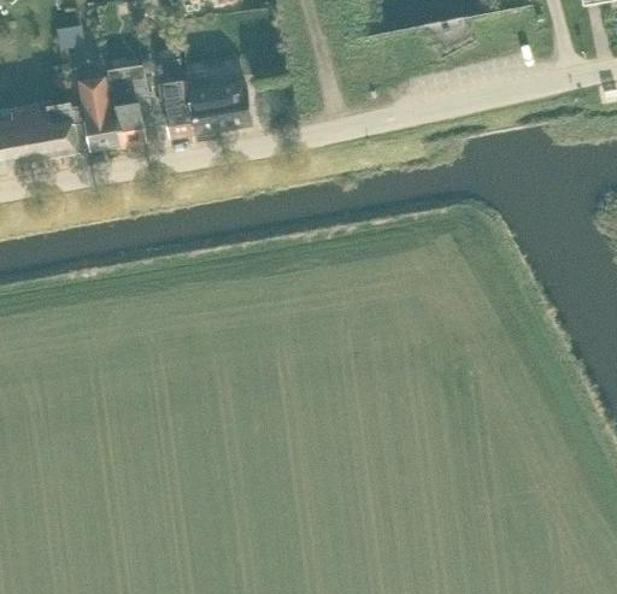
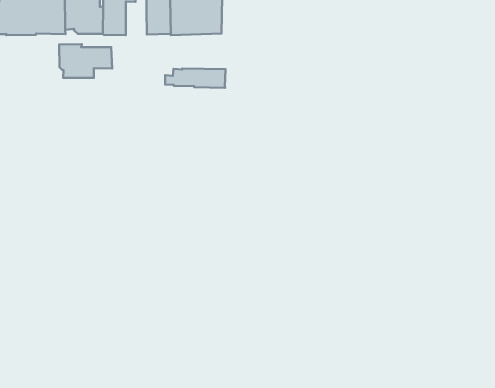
building: none -> [59,44,112,78]
building: none -> [165,69,225,88]

